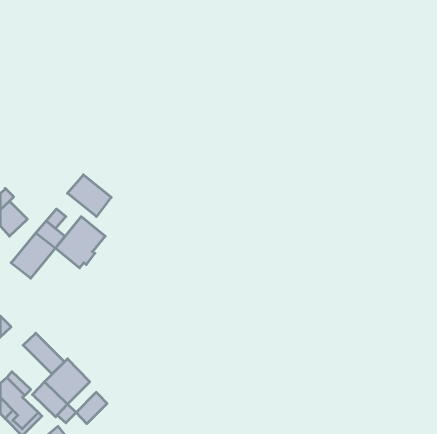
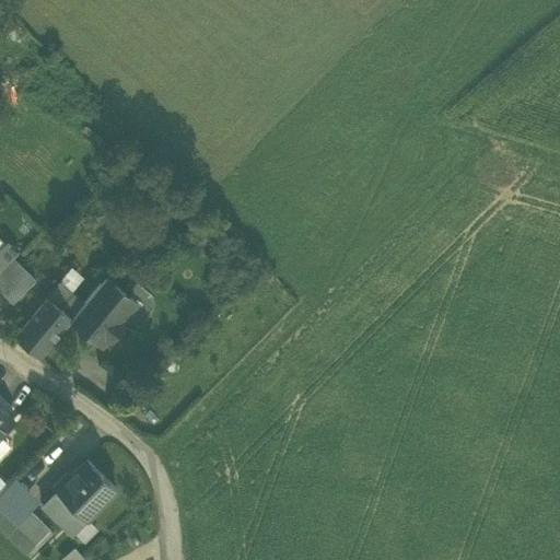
building: [67,175,111,217] -> none
building: [23,333,64,374] -> none
building: [76,392,107,424] -> none

